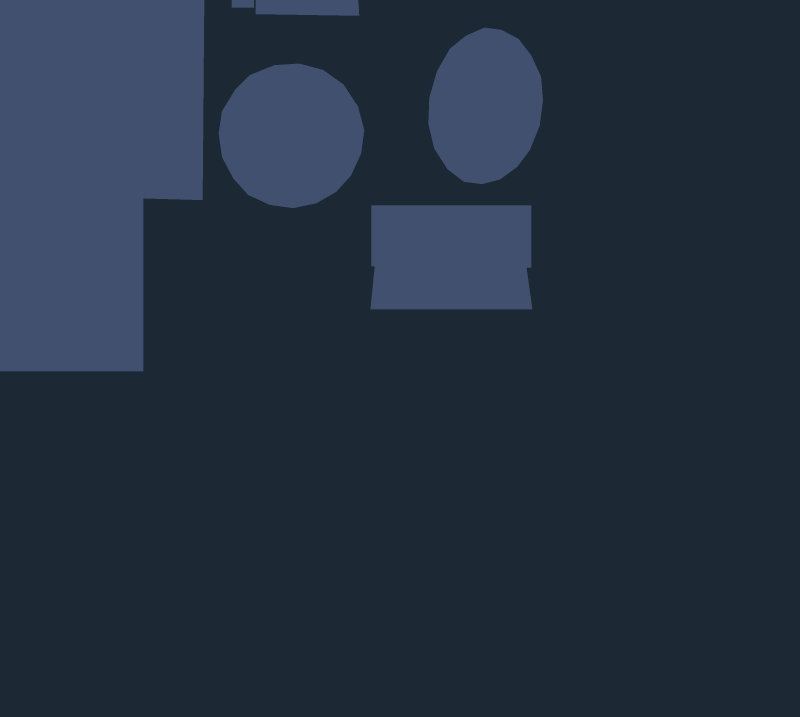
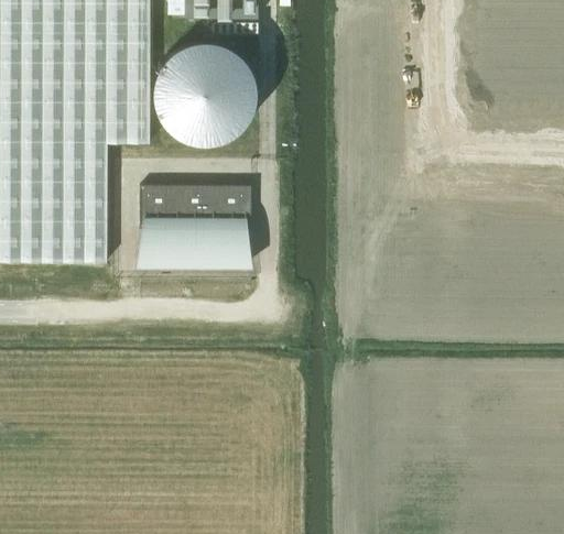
building: [428,27,544,185] -> none
building: [369,205,534,313] -> [137,184,250,259]

